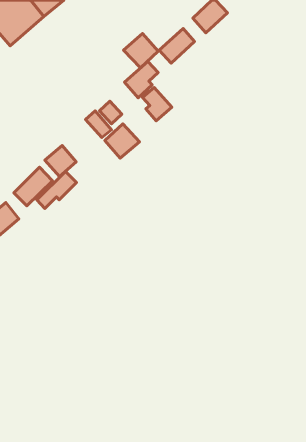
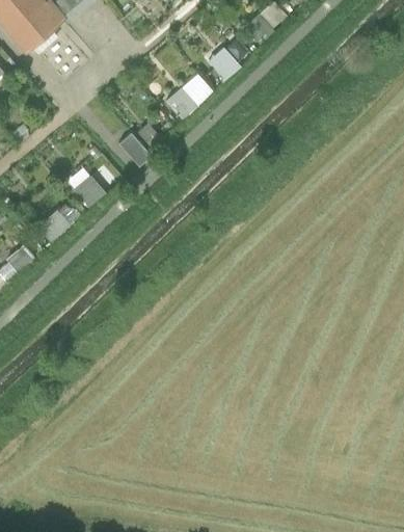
building: [124,33,158,68] -> none
building: [143,87,172,121] -> none
building: [105,124,139,158] -> none
building: [37,171,77,209] -> none

